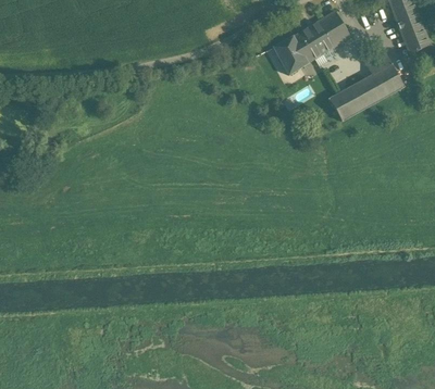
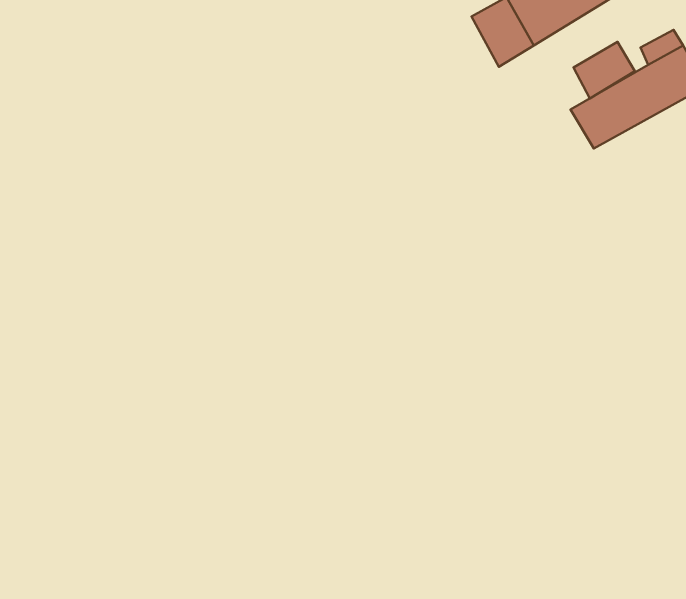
building: none -> [573,42,635,98]

